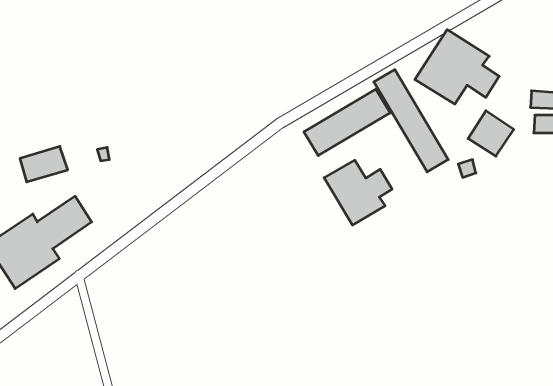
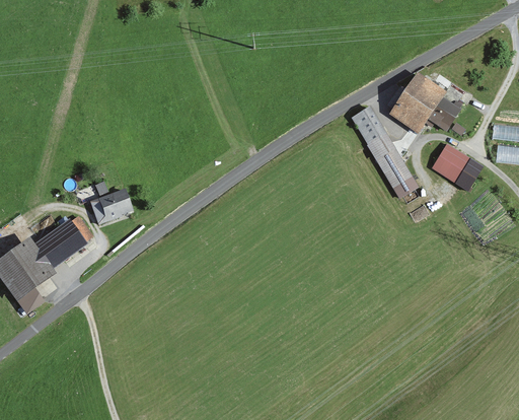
building: [304,89,390,156] -> none
building: [20,146,68,182] -> [90,190,134,222]
building: [324,160,392,225] -> none

